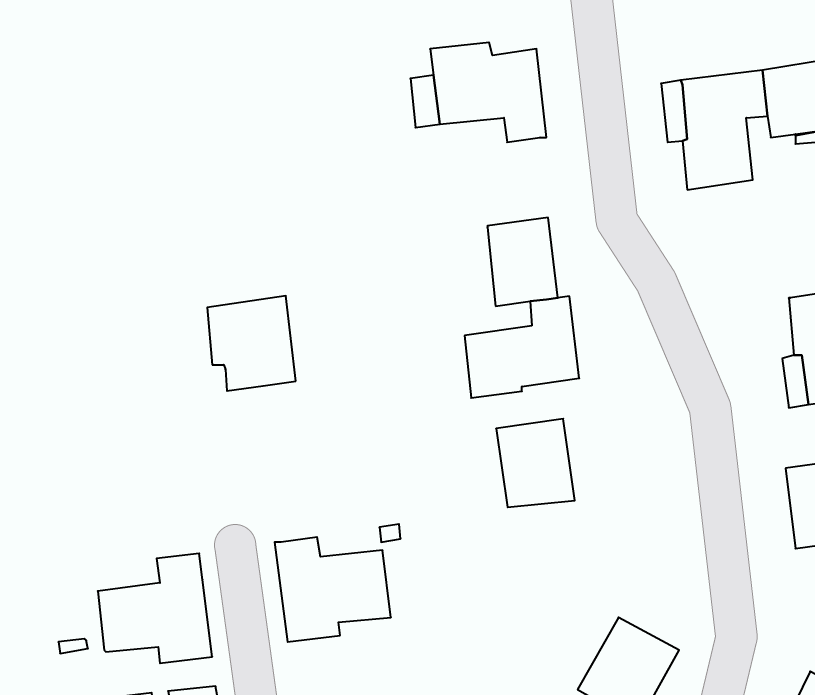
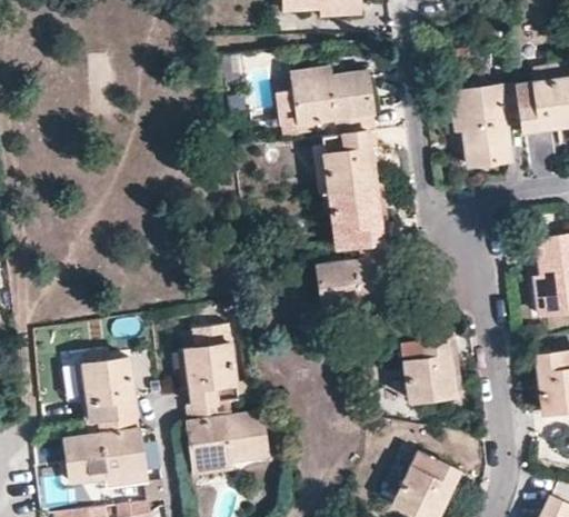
building: none -> [327,130,375,190]
building: [207,296,296,391] -> [180,340,240,405]
building: [496,419,575,507] -> [401,337,455,397]
building: none -> [80,357,138,419]

